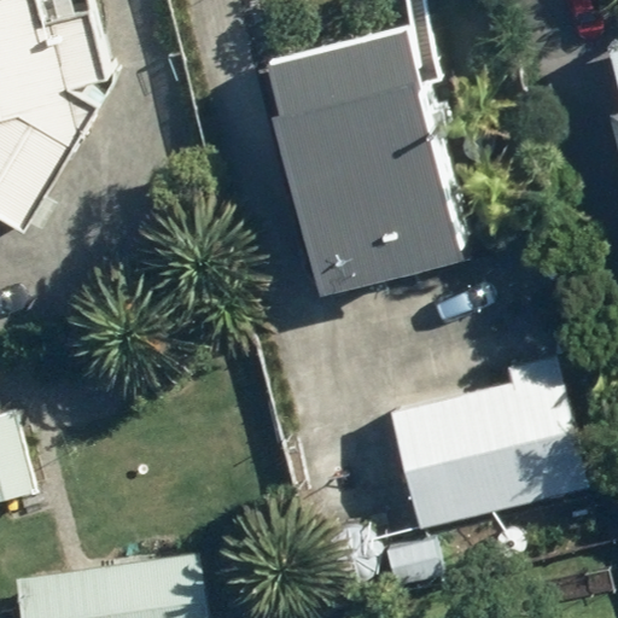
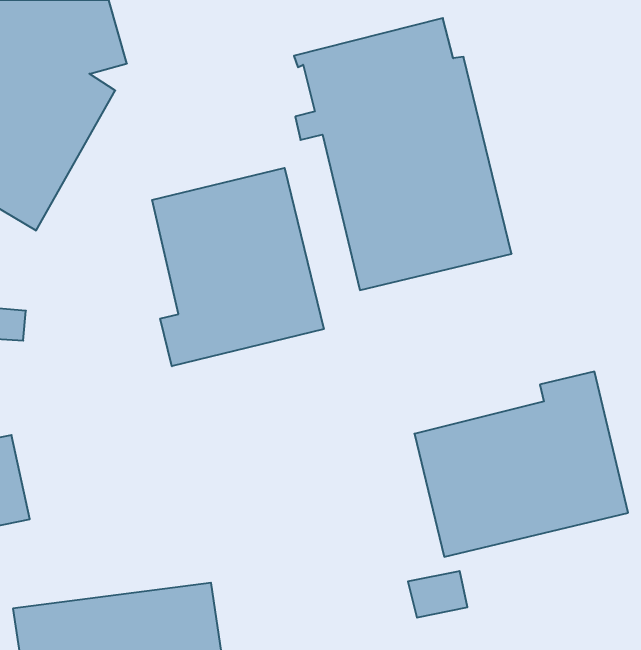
building: none -> [152,168,324,366]

